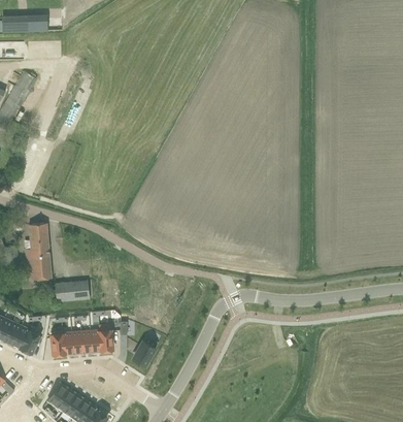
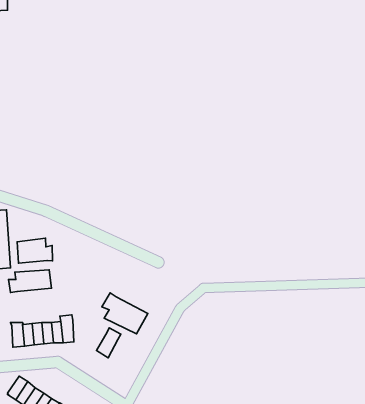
building: none -> [17,238,53,263]
building: none -> [102,293,148,334]

